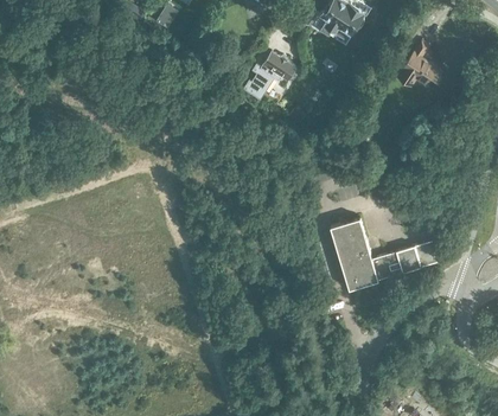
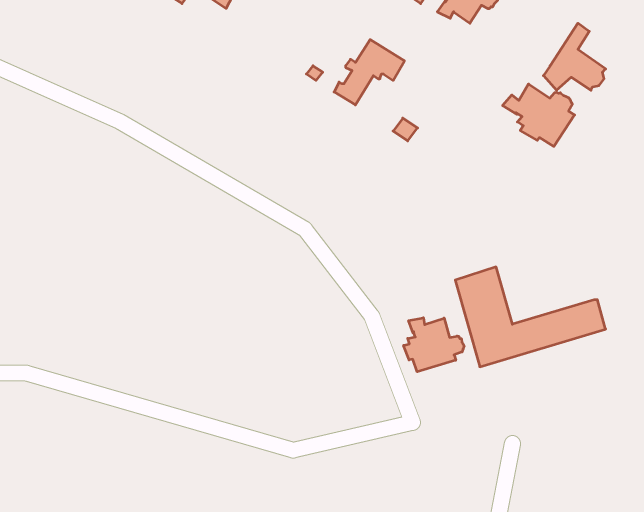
building: none -> [503,84,575,146]
building: none -> [404,318,464,372]

